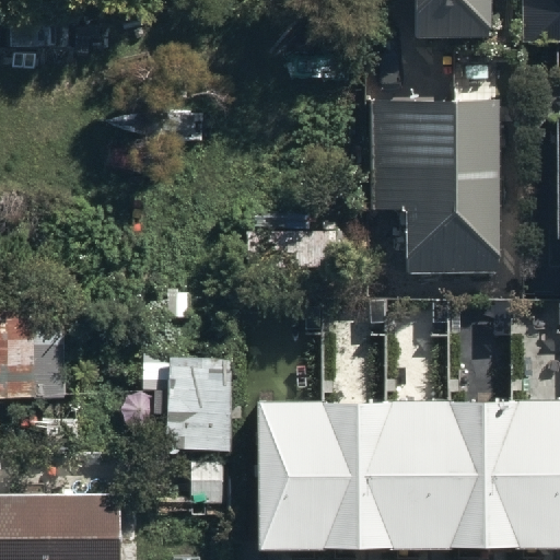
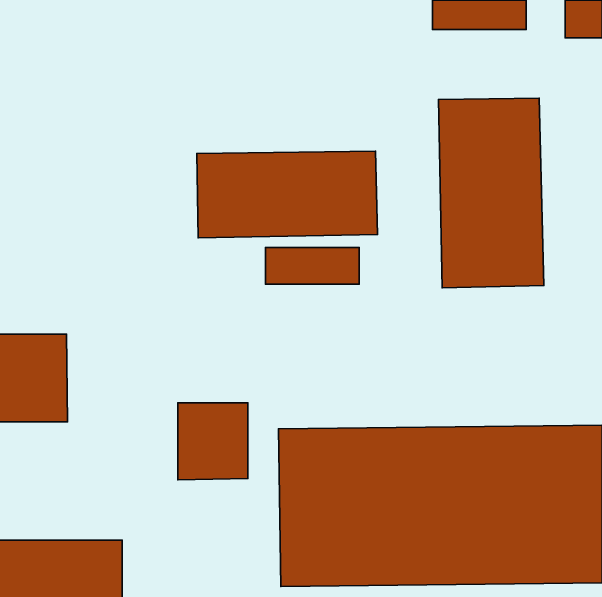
building: none -> [197,151,378,238]

